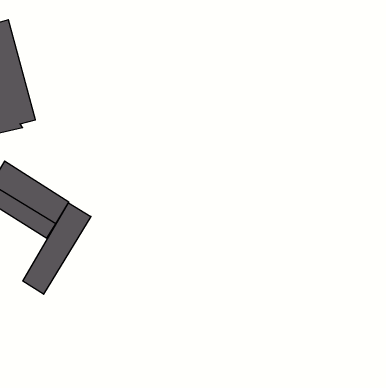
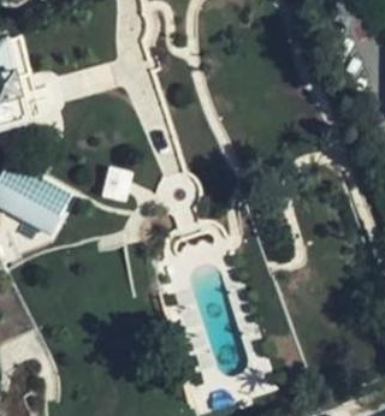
building: [23,203,91,294] -> none

